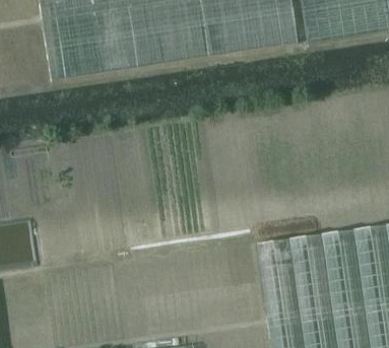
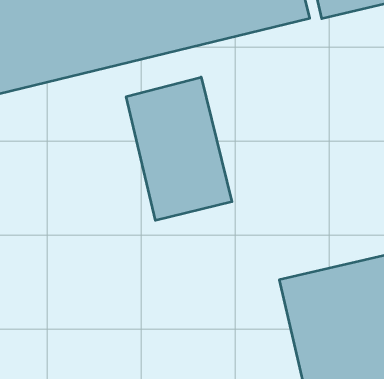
building: none -> [126,77,232,220]

